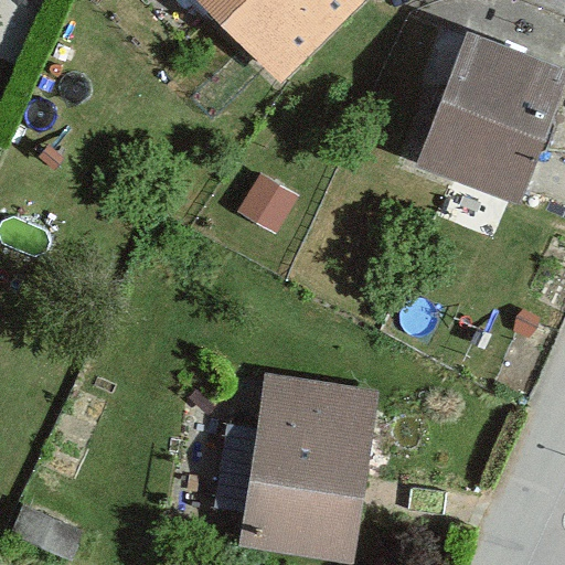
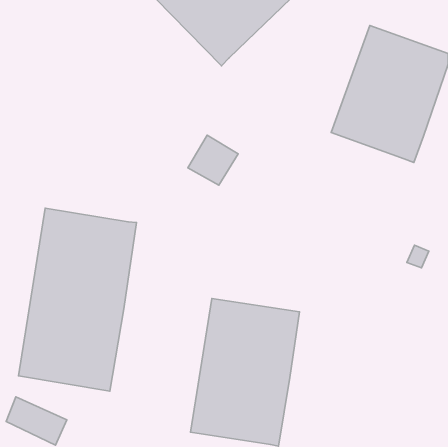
building: none -> [19,208,137,391]

